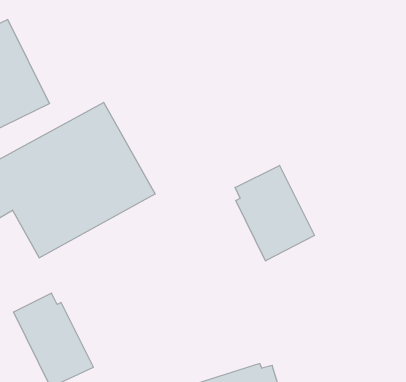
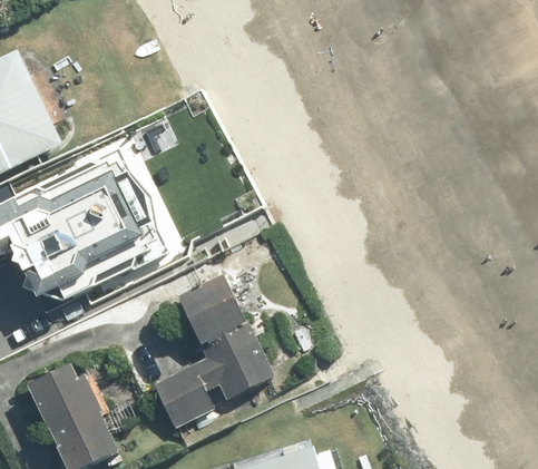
building: [235,165,314,261] -> none
building: none -> [150,270,273,427]

